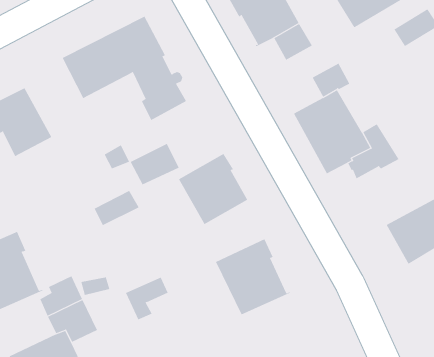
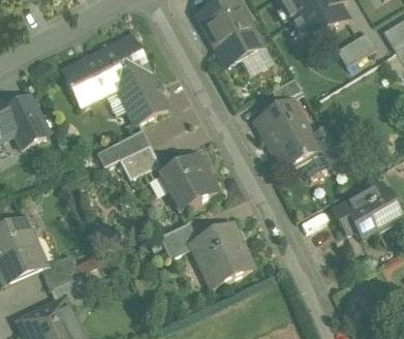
building: [94,190,140,226] -> [112,128,150,158]
building: [125,277,169,320] -> [159,221,195,257]

